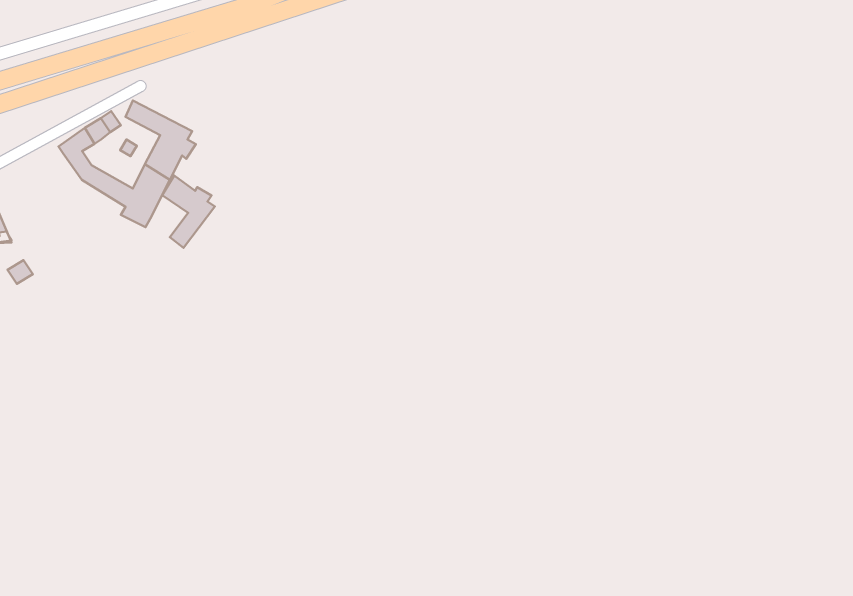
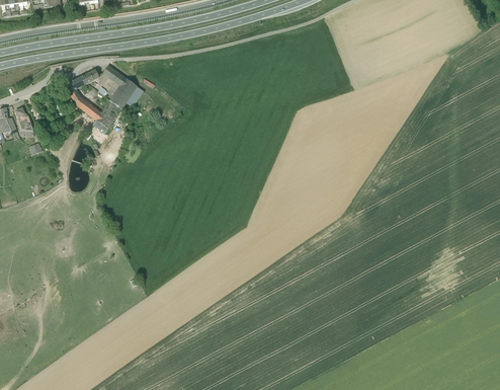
building: [162,175,215,248] -> none

